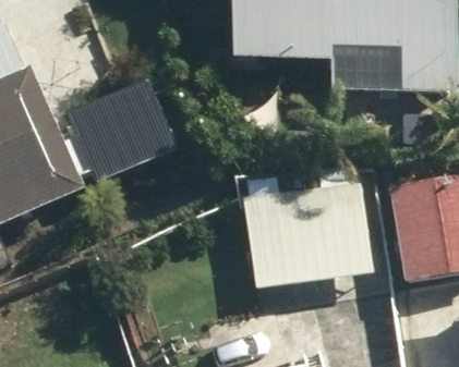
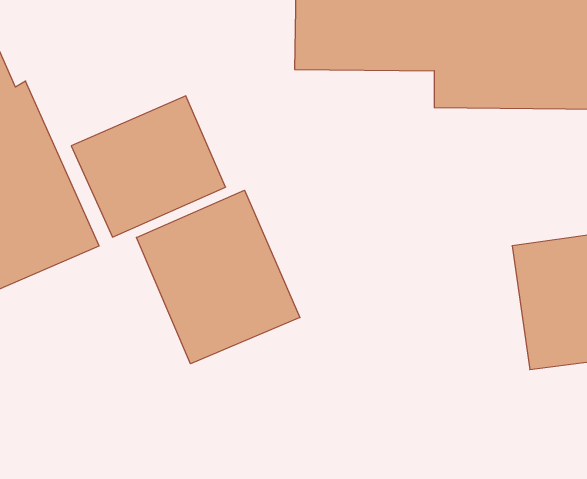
building: none -> [136,190,300,364]
building: [245,166,374,288] -> none

